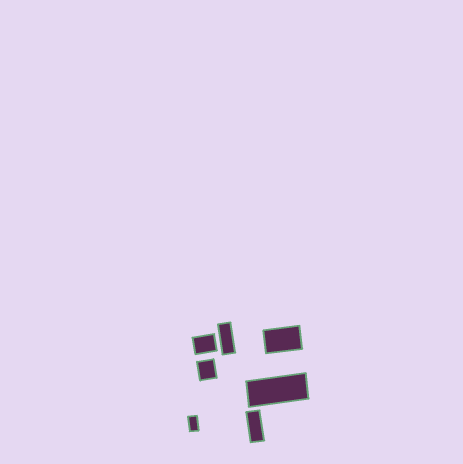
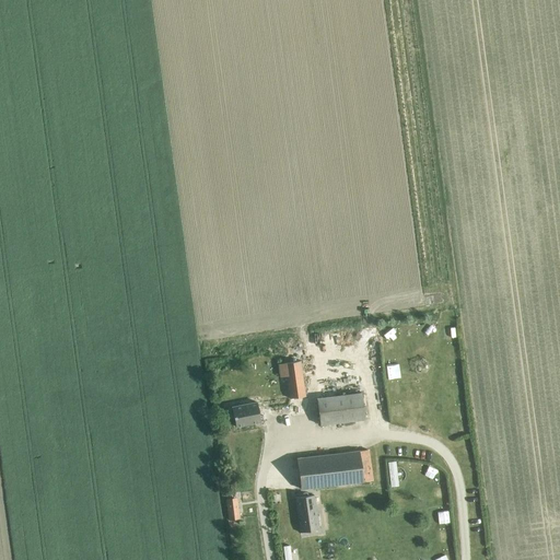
building: [218,323,235,354] -> [285,361,306,399]
building: [197,359,217,381] -> none

